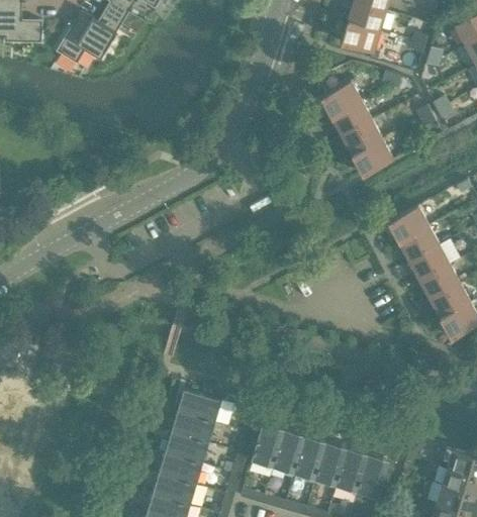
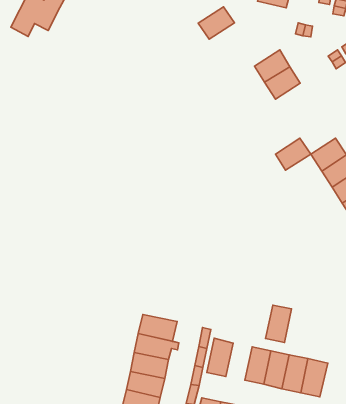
building: [320,83,362,118] -> [198,7,235,39]
building: [353,141,393,177] -> [275,138,311,170]
building: [272,431,304,475] -> [265,305,292,342]

